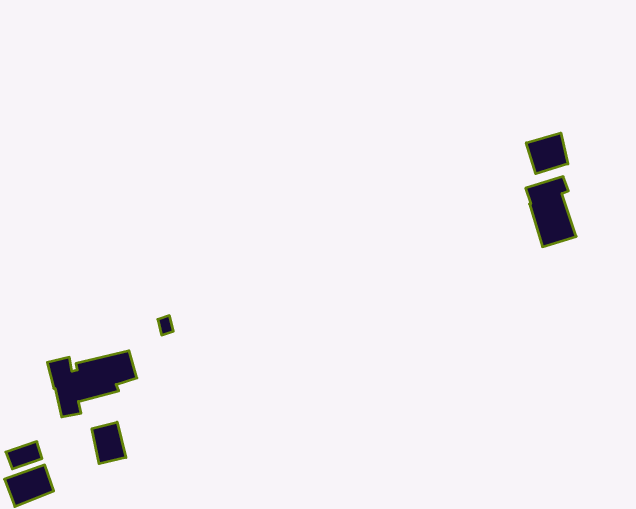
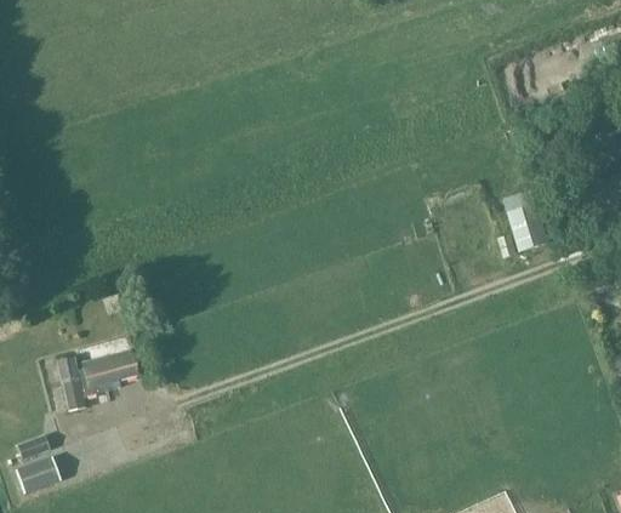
building: [526,133,568,174] -> none
building: [92,422,126,464] -> none

